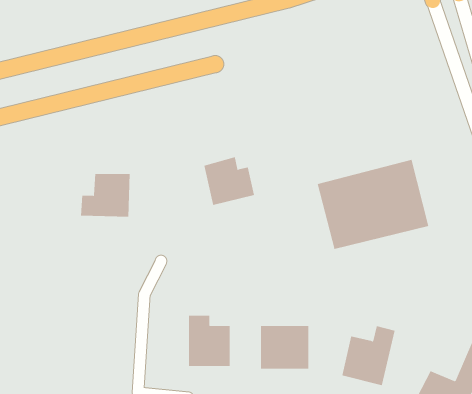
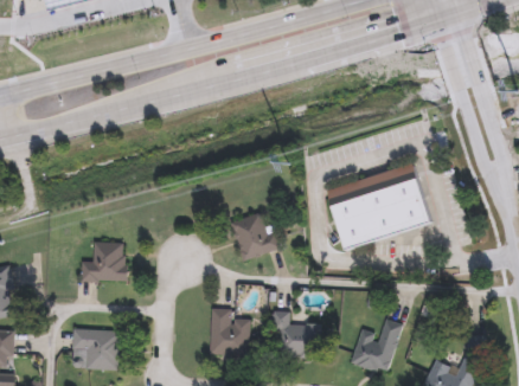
building: [203,156,255,205] -> [233,215,281,260]
building: [80,173,131,217] -> [79,242,126,282]
building: none -> [71,330,117,371]

